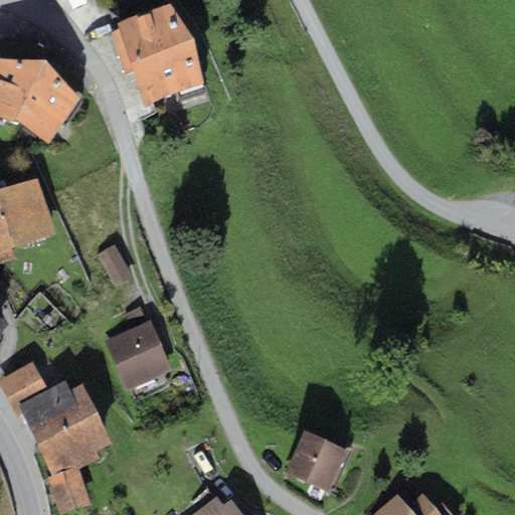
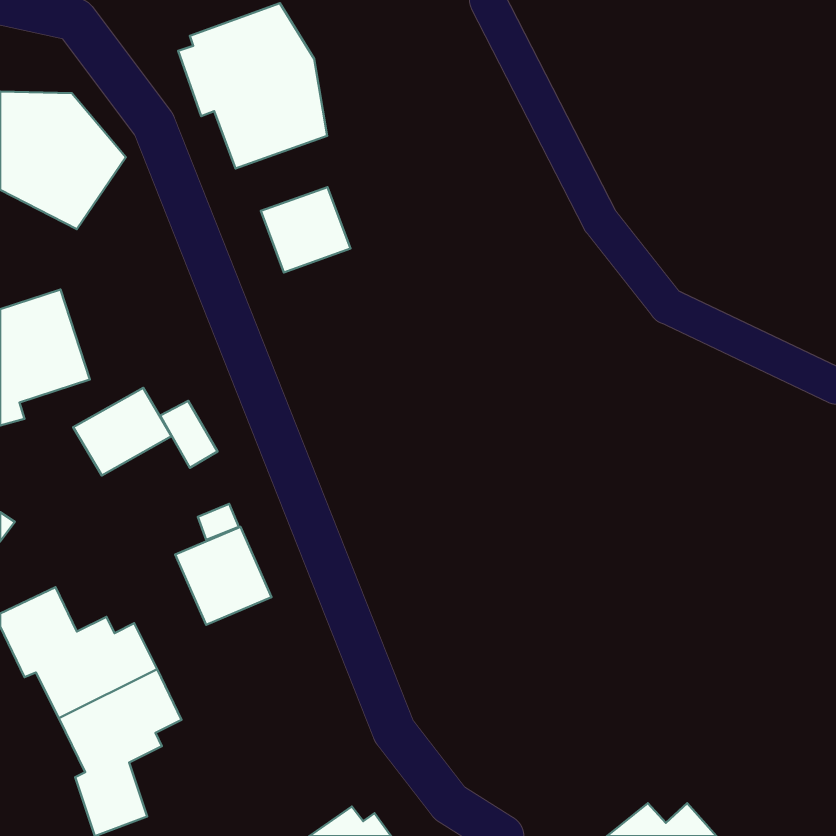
building: none -> [261,187,351,272]
building: none -> [73,388,172,475]
building: [286,431,348,491] -> none

